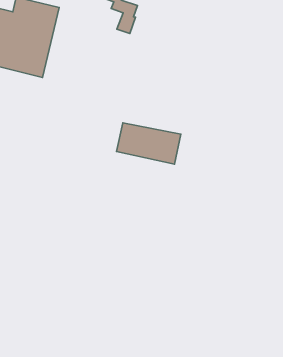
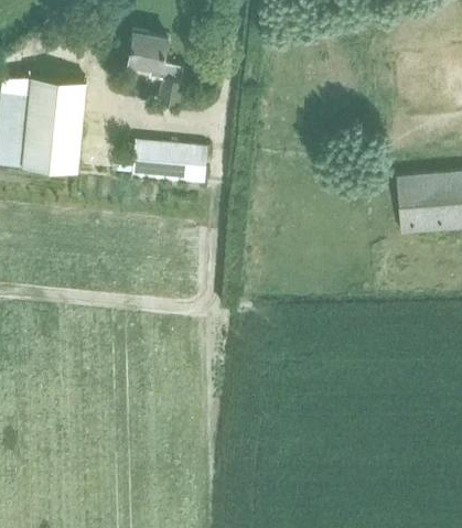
building: [117,123,181,164] -> [133,140,209,183]

